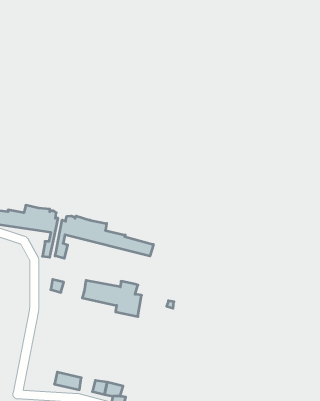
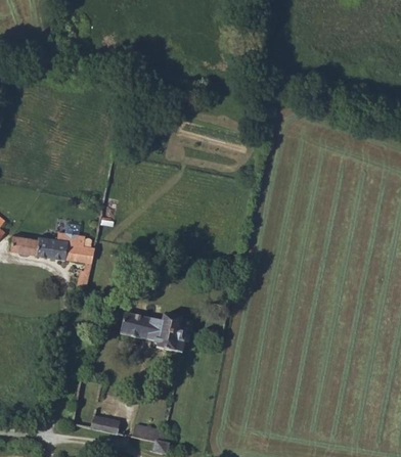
building: [55,216,153,258] -> none

